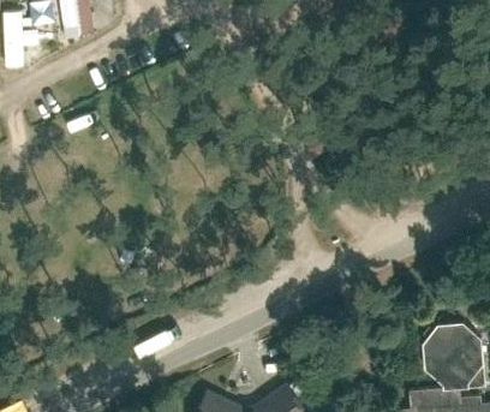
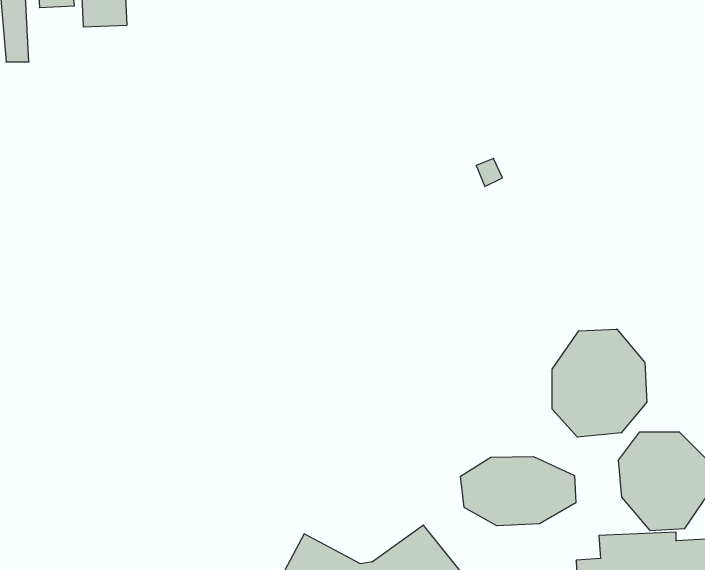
building: none -> [552,329,647,437]
building: none -> [460,457,576,526]

